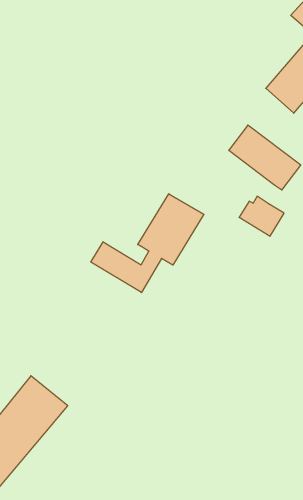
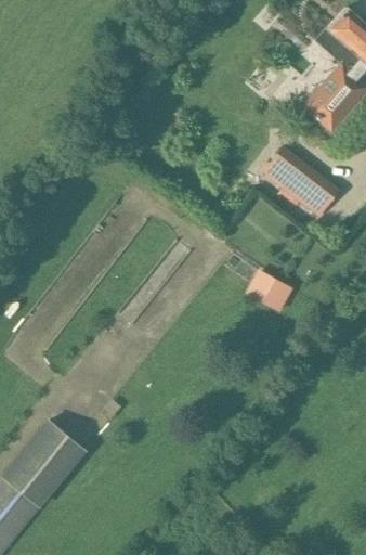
building: [91,194,204,293] -> none
building: [239,196,284,236] -> [245,269,293,312]

